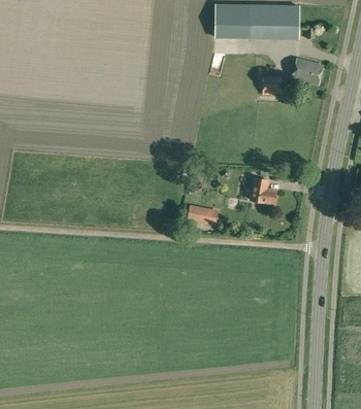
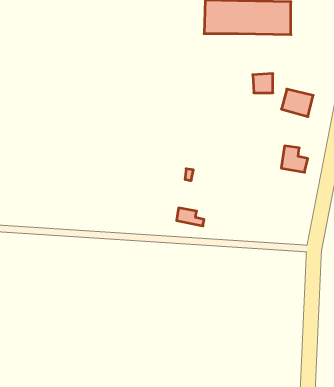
building: [292,59,323,86] -> [281,89,313,117]
building: [251,178,276,204] -> [281,146,308,172]

